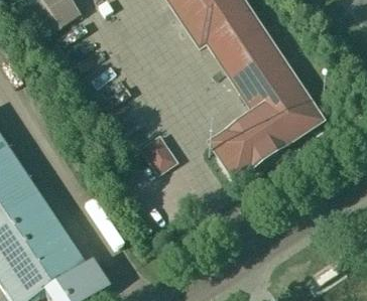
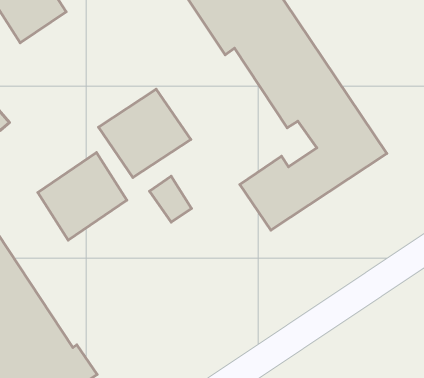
building: none -> [98,89,191,177]
building: none -> [38,153,127,240]

